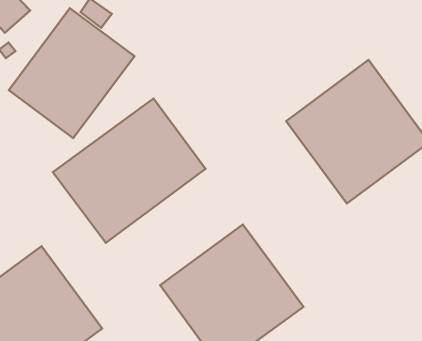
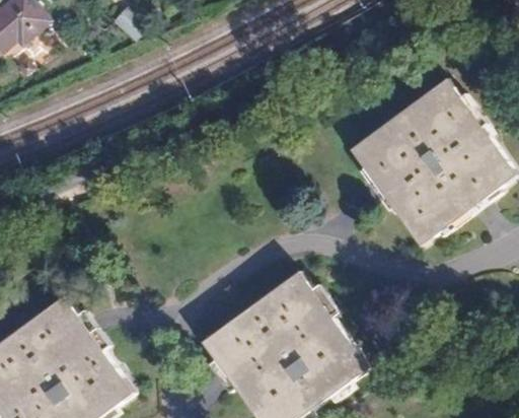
building: [9,8,135,138] -> none
building: [53,98,205,243] -> none

